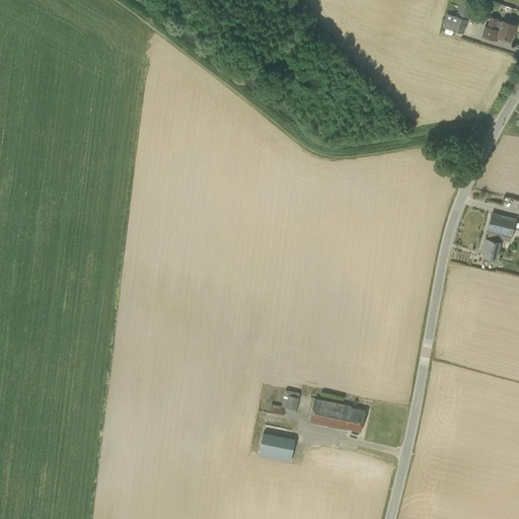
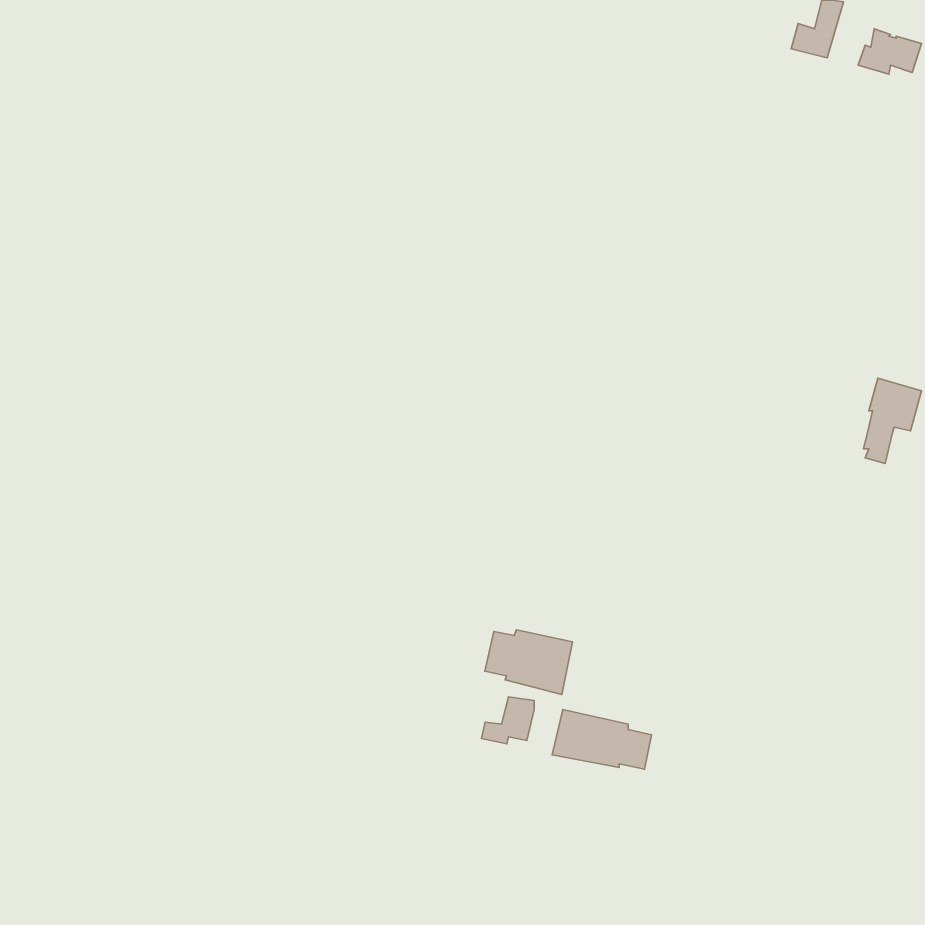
building: none -> [485,630,572,695]
building: [258,433,295,462] -> none

